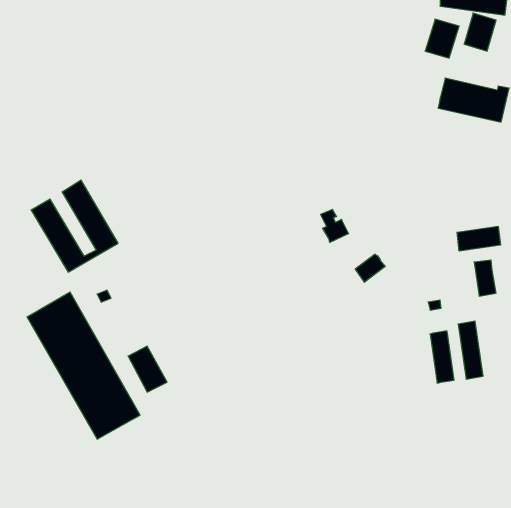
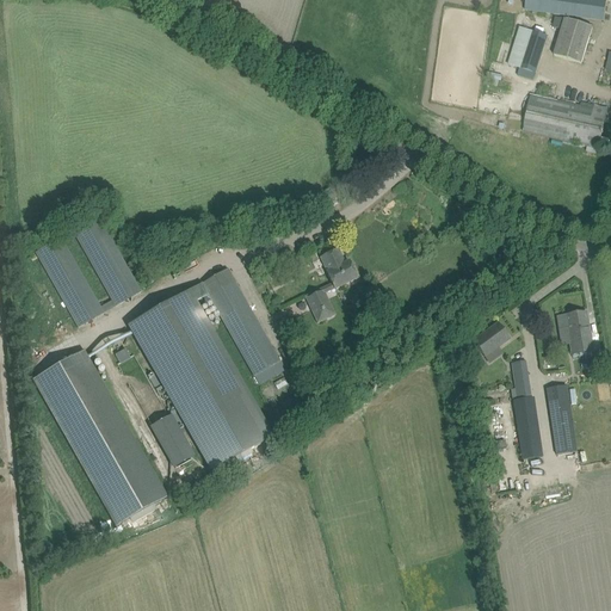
building: [321,209,349,242] -> [323,247,357,286]
building: none -> [129,266,279,469]
building: [457,226,500,251] -> none
building: none -> [308,285,335,320]
building: [355,254,385,282] -> [474,321,510,354]

